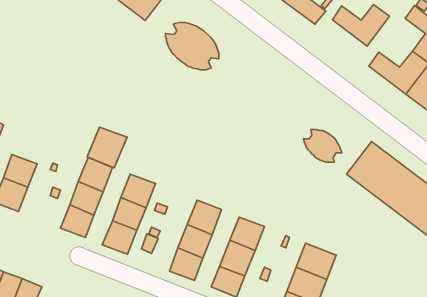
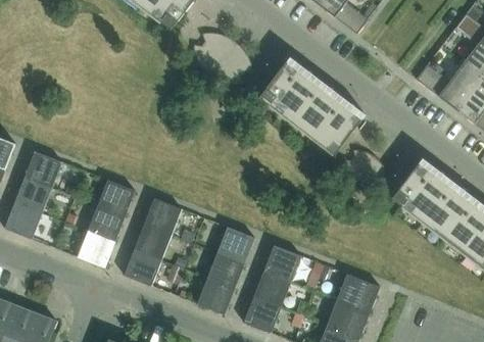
building: [333,5,390,46] -> none
building: none -> [259,60,361,153]
building: [87,127,127,168] -> none
building: none -> [25,150,62,186]

